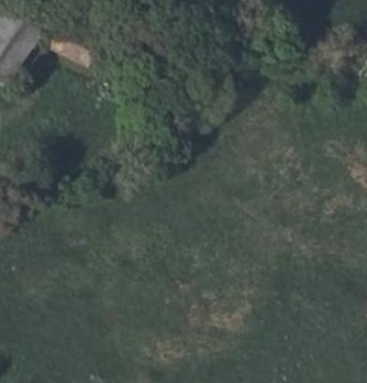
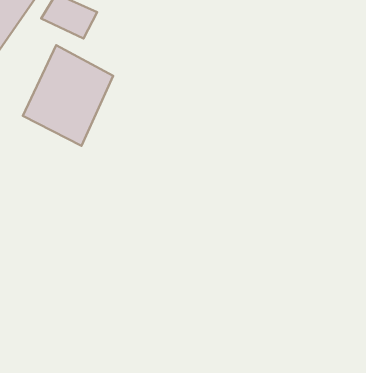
building: none -> [23,45,113,146]

